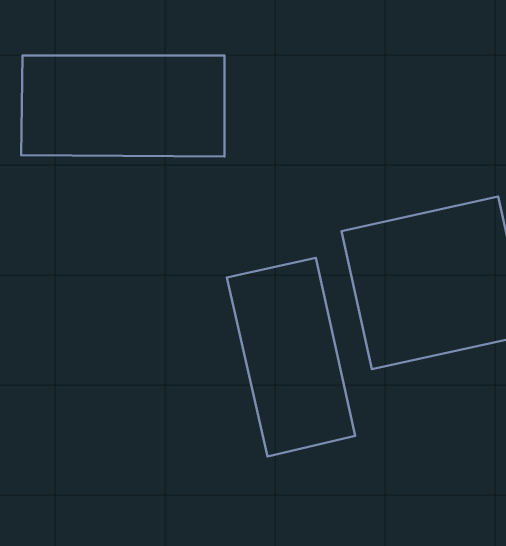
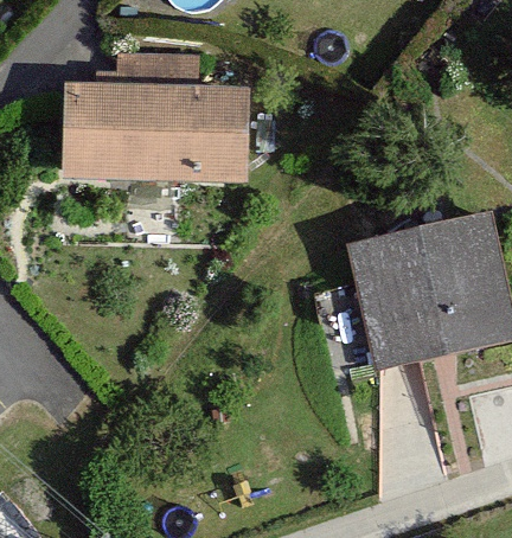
building: [227,258,355,456] -> none

